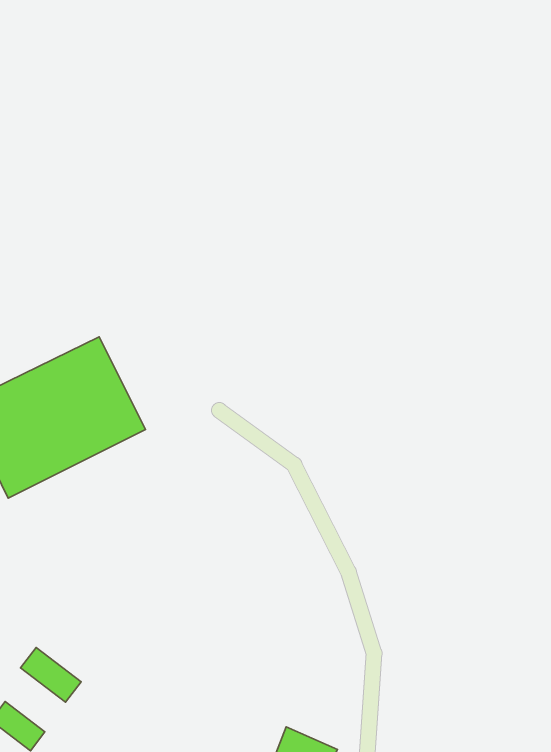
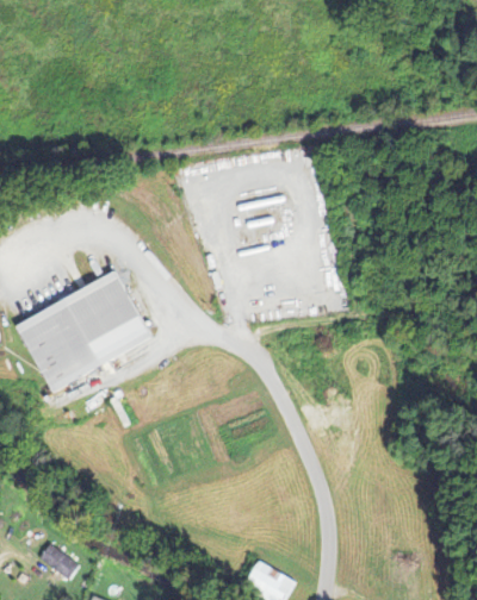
building: [20,648,81,702] -> none

